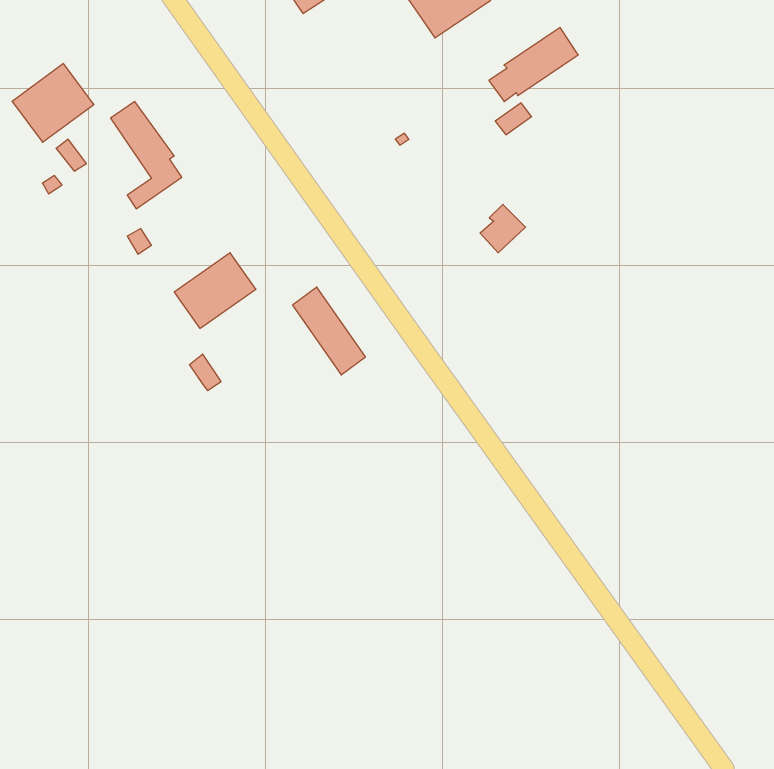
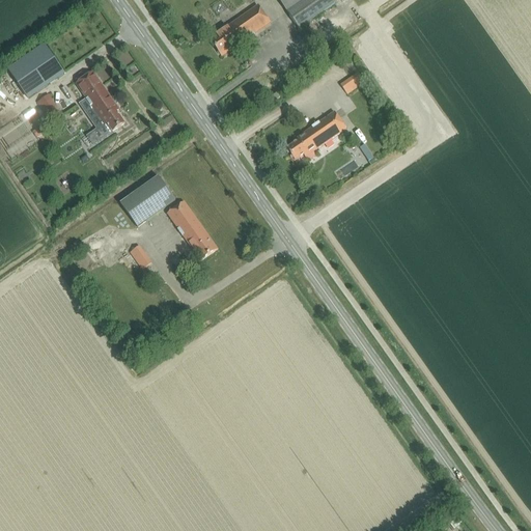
building: none -> [209,4,270,54]
building: [489,27,578,102] -> [285,109,346,160]
building: [293,287,365,375] -> [167,199,217,259]

